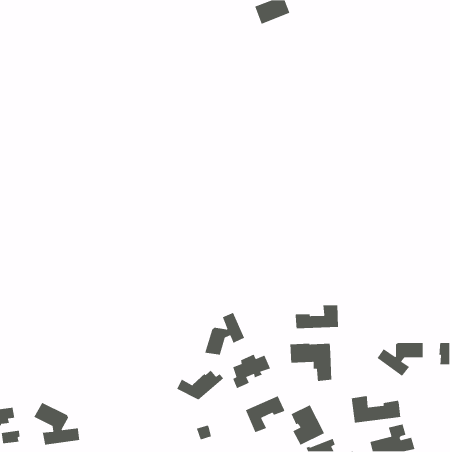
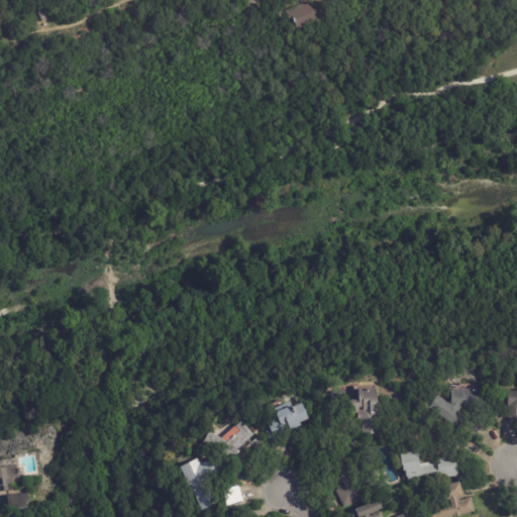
building: [295,305,339,329] -> none
building: [204,312,245,355] -> none
building: [245,395,285,433] -> none
building: none -> [180,455,220,508]
building: [33,402,80,446] -> none

